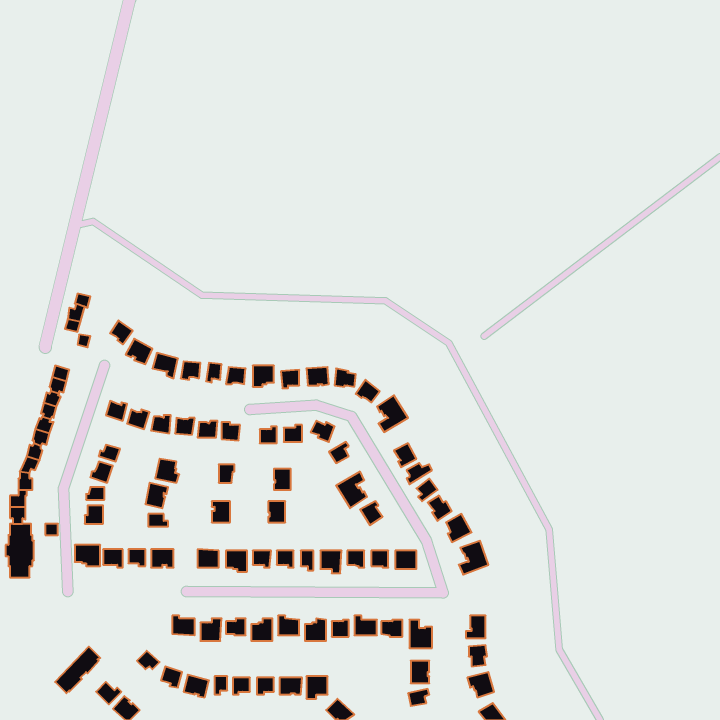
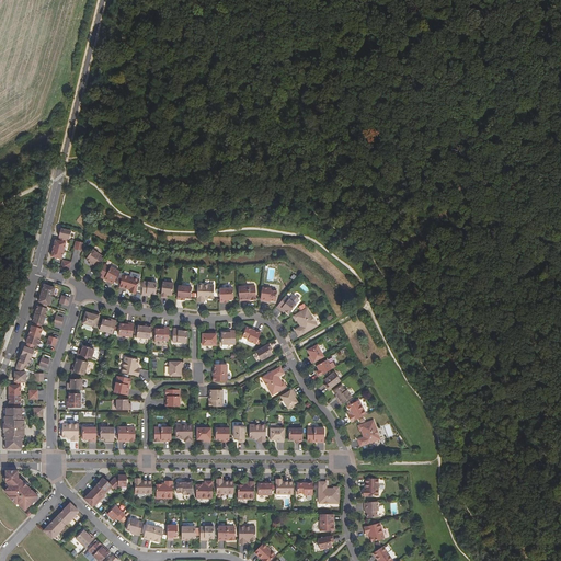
building: none -> [7,470,39,510]
building: none -> [83,474,126,506]

